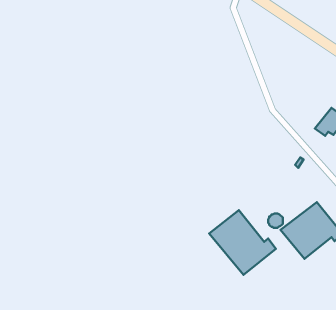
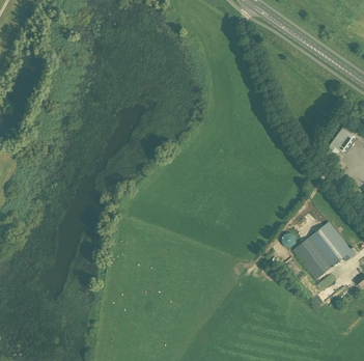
building: [209,210,276,275] -> none

